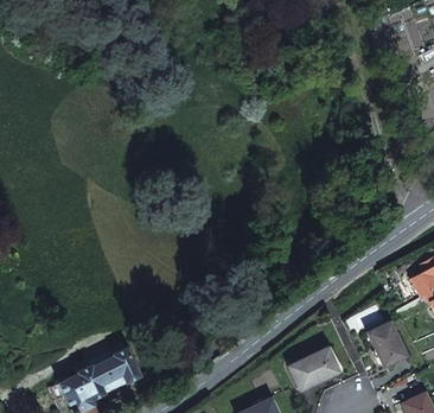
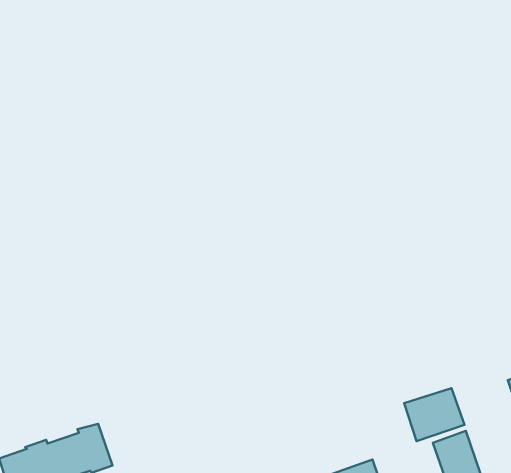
building: none -> [404,388,465,441]

